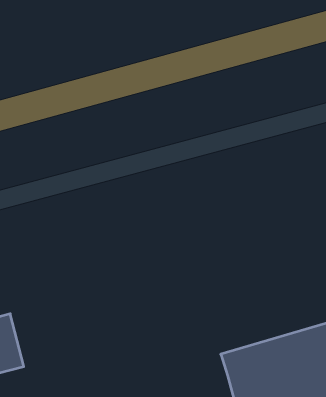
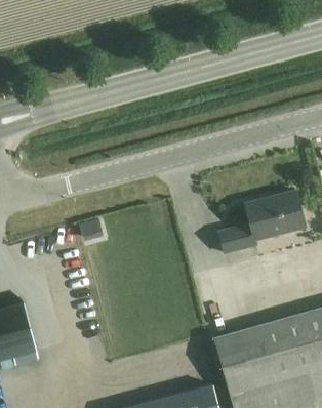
building: none -> [218,191,305,253]

